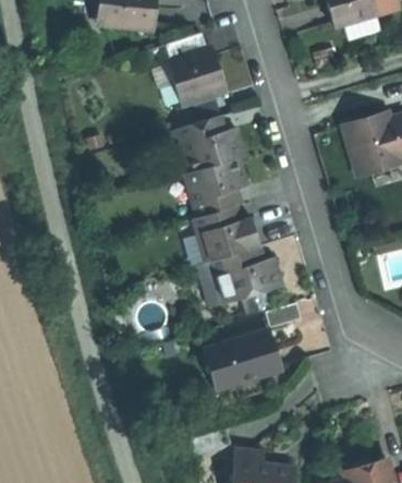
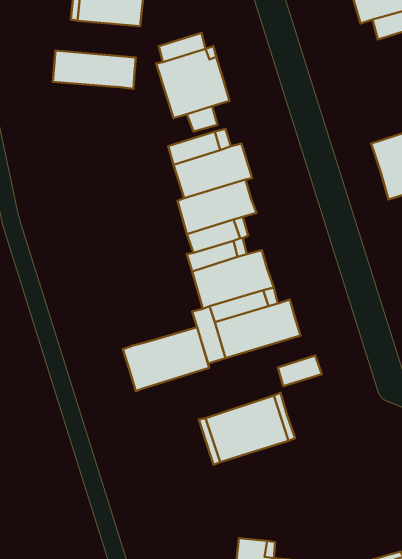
building: none -> [53,51,136,89]
building: none -> [123,327,209,391]

